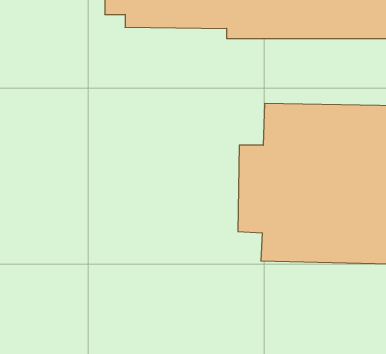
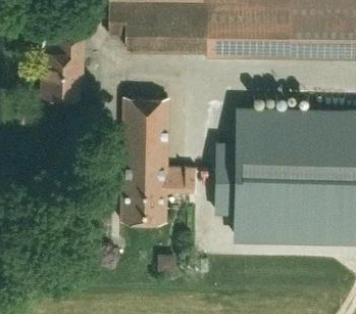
building: none -> [42,40,84,99]
building: none -> [122,99,196,224]

